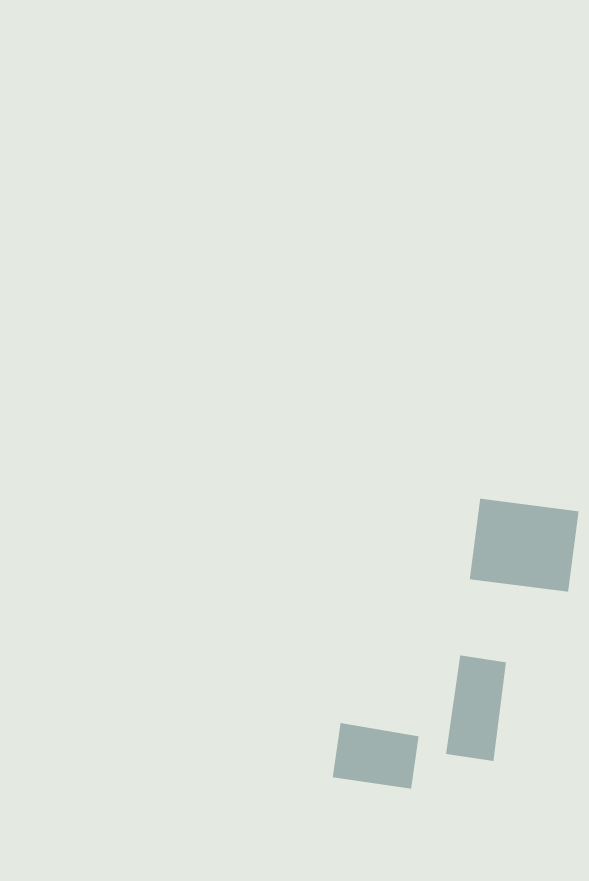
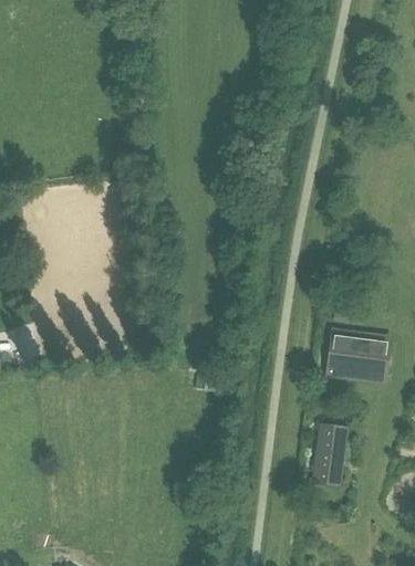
building: [332,722,419,789] -> none

